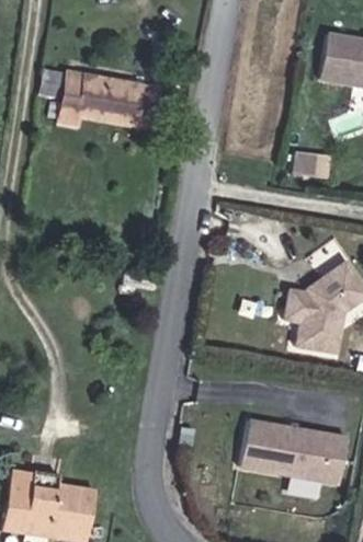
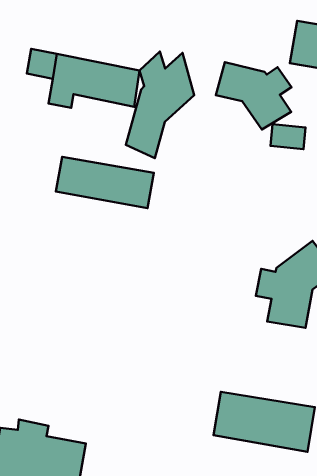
building: none -> [126,52,194,158]
building: none -> [216,62,292,130]
building: none -> [56,157,154,208]

